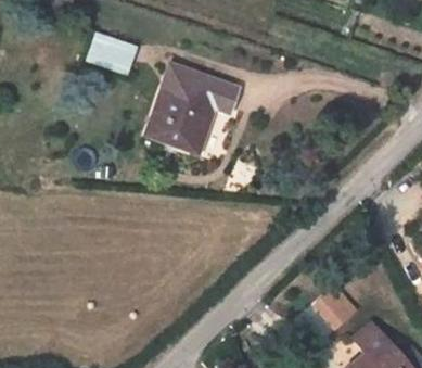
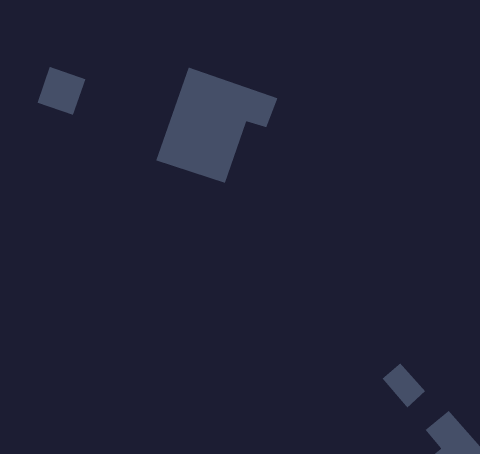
building: [101,36,139,74] -> [36,66,87,116]

